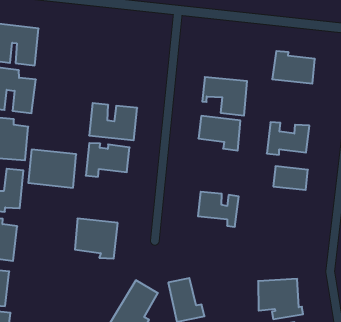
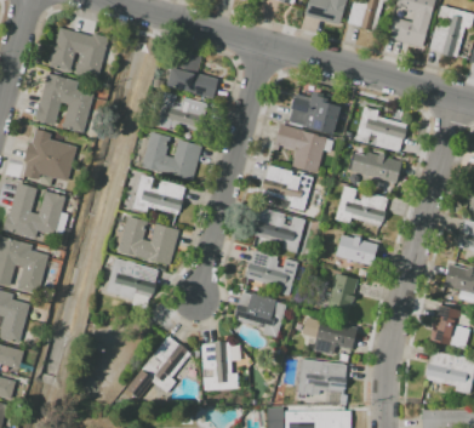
building: none -> [171,51,218,98]
building: none -> [289,92,342,135]
building: none -> [162,93,210,122]
building: none -> [348,153,401,183]
building: [28,150,76,188] -> [119,217,177,267]
building: none -> [253,207,305,252]
building: none -> [327,274,359,314]
building: none -> [235,292,286,338]
building: none -> [302,315,358,354]

